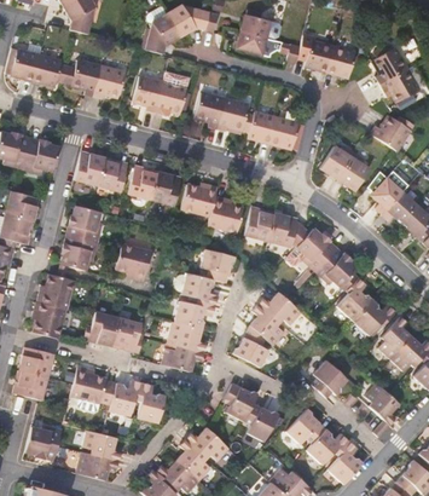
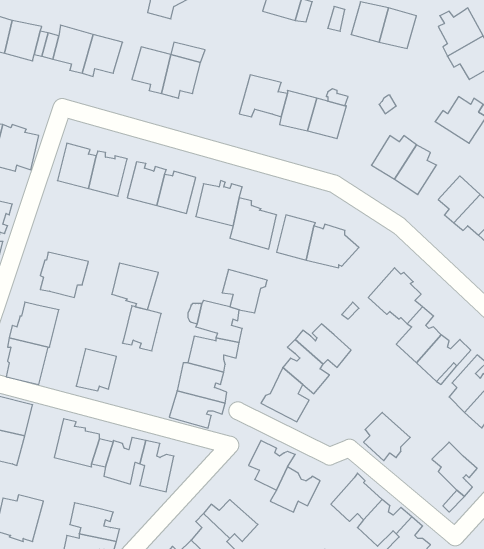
building: [193,91,224,127] -> none
building: [66,204,104,242] -> none
building: [295,226,336,270] -> none
building: [112,316,143,351] -> [122,306,161,351]

